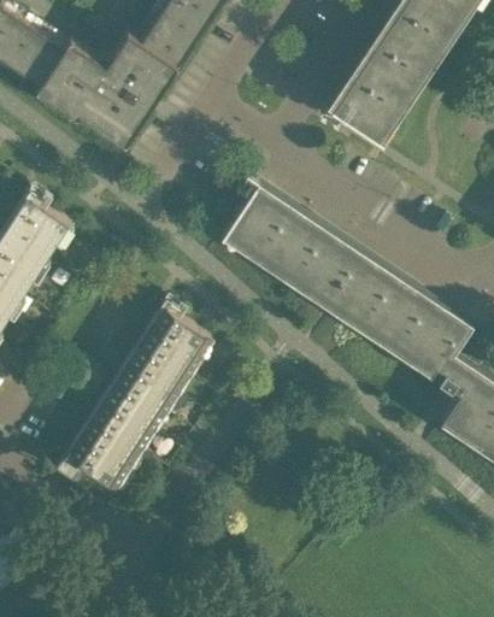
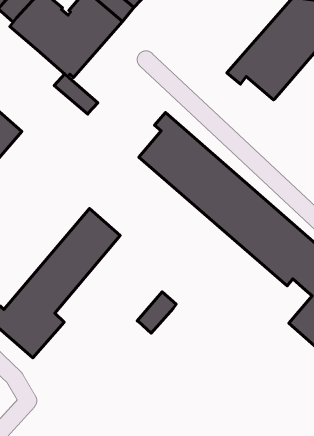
building: none -> [54,74,98,114]
building: none -> [137,292,176,333]

